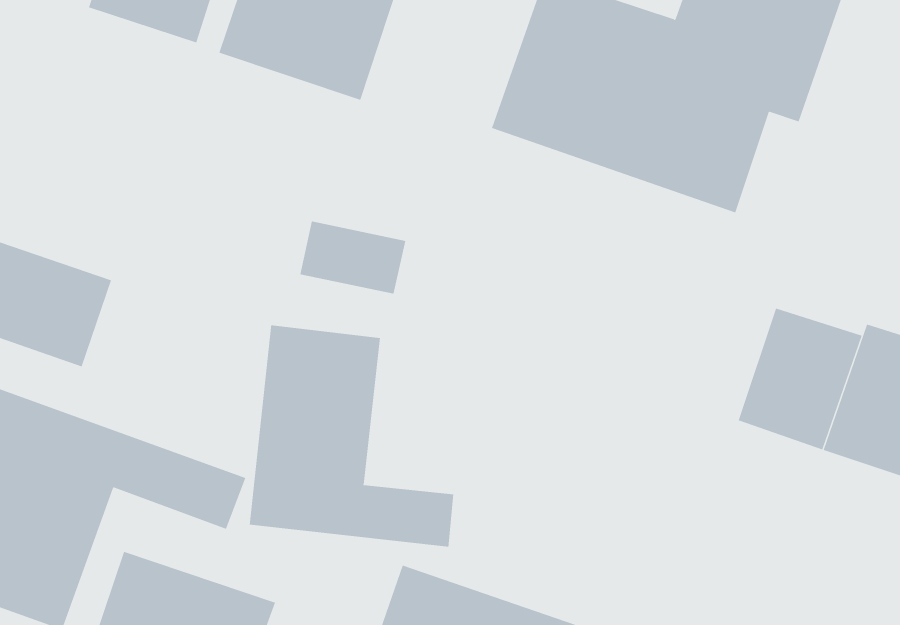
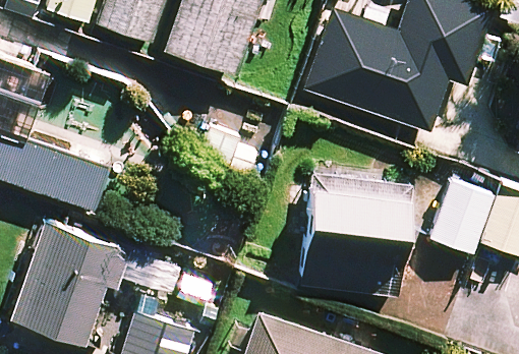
building: none -> [300,176,410,296]
building: [249,325,454,547] -> none

